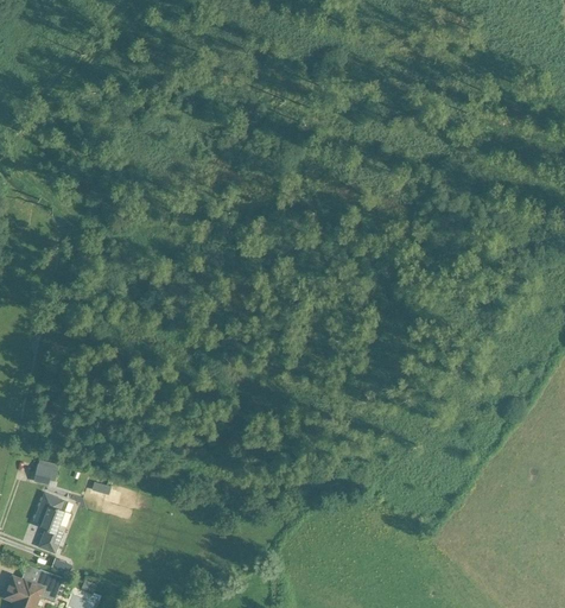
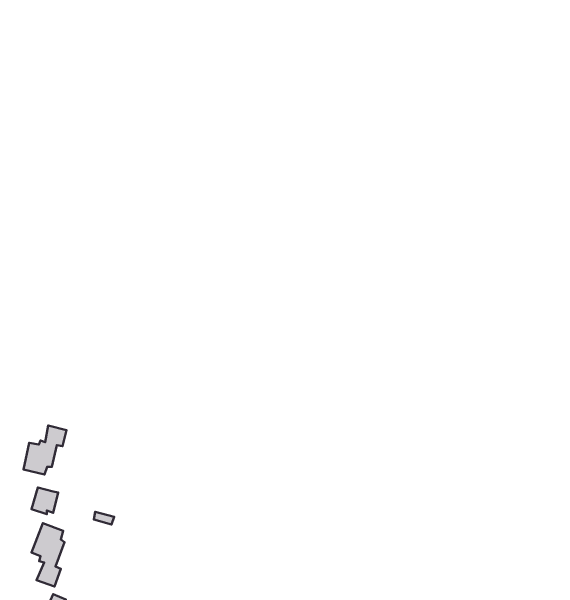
building: none -> [24,426,66,474]

